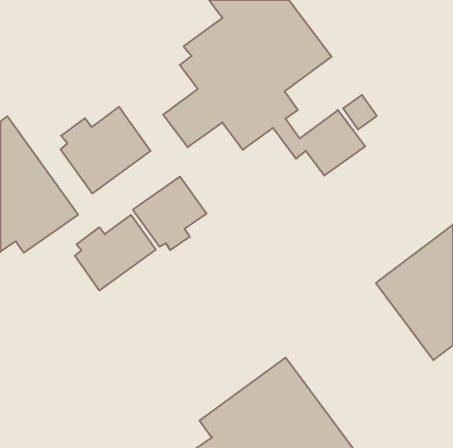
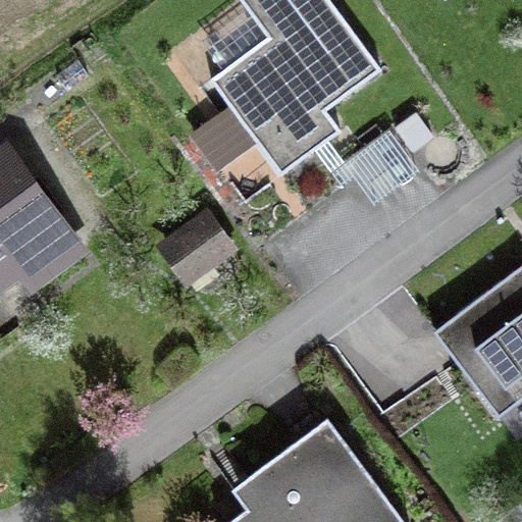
building: [61,107,151,193] -> none
building: [75,215,156,290] -> none

